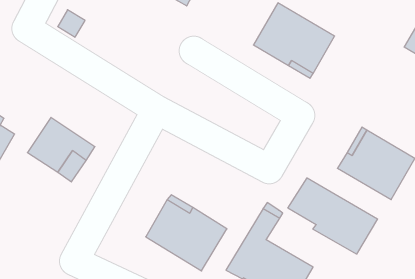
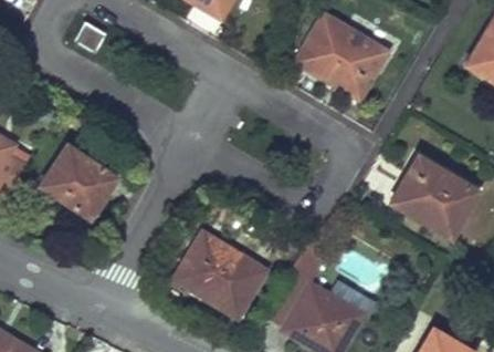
building: [288,178,378,254] -> none

